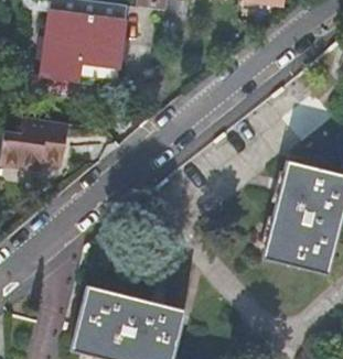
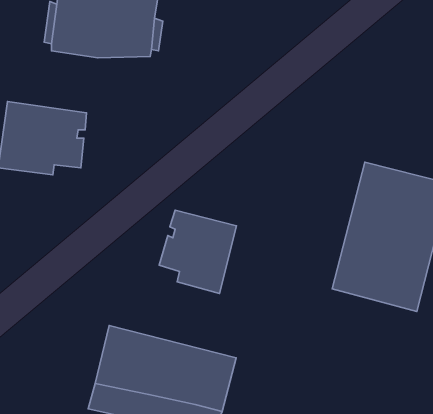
building: none -> [159,210,237,293]

